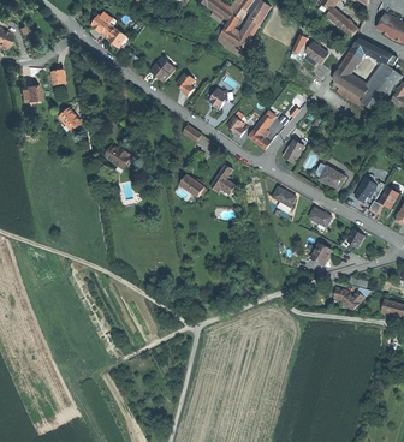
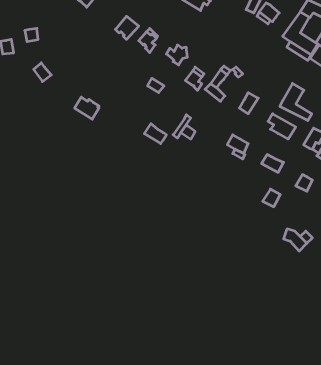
building: none -> [280,83,312,121]

